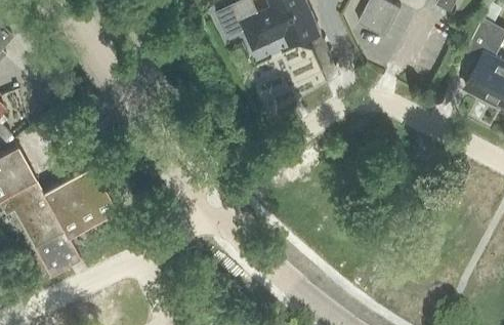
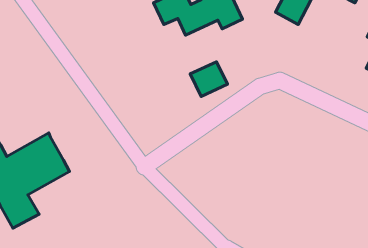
building: none -> [190,62,228,96]

